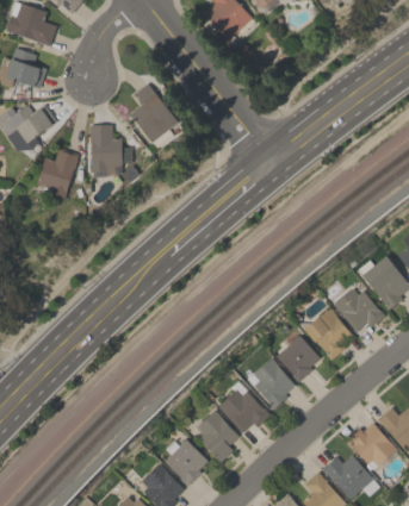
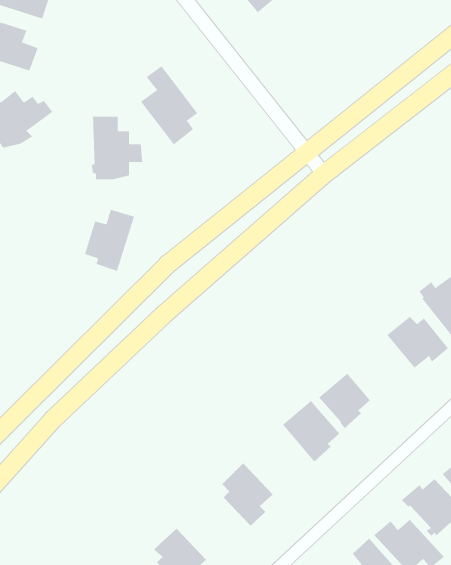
building: [37,148,79,199] -> [84,209,135,272]
building: [305,310,354,361] -> none
building: [218,381,271,433] -> none
building: [165,439,207,486] -> none

